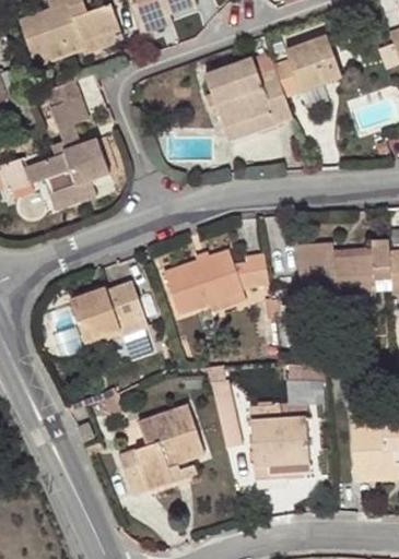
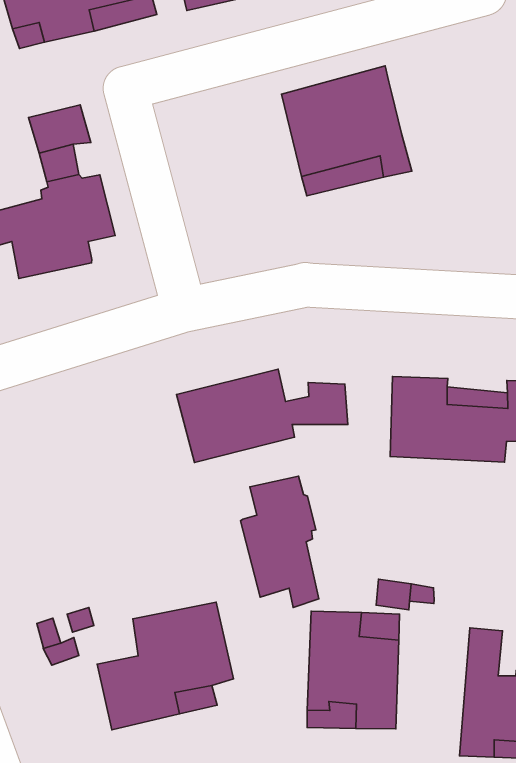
building: [272,35,342,94] -> none
building: [64,281,143,345] -> none
building: none -> [241,476,319,608]

